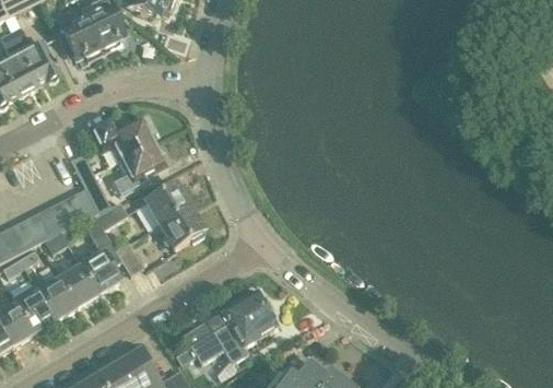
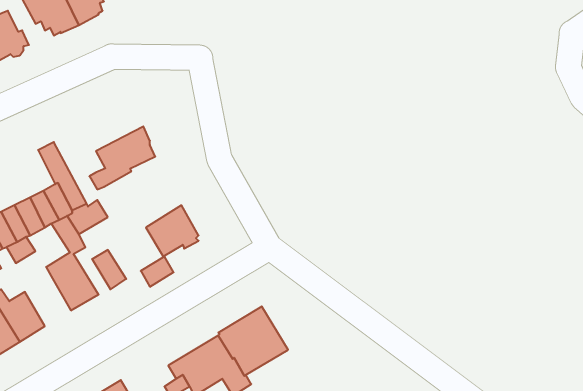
building: [91,117,156,161] -> none
building: [145,183,189,223] -> none
building: [58,263,96,305] -> none

